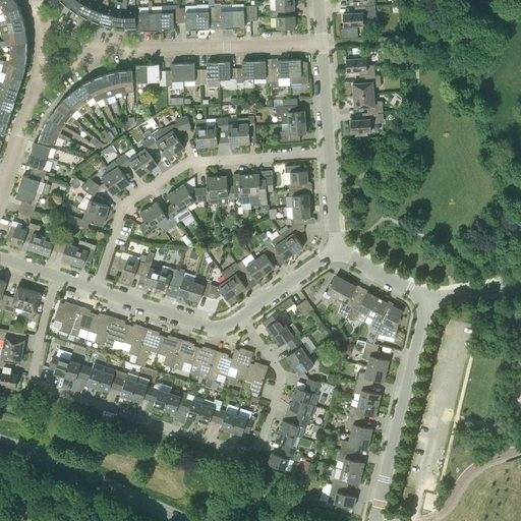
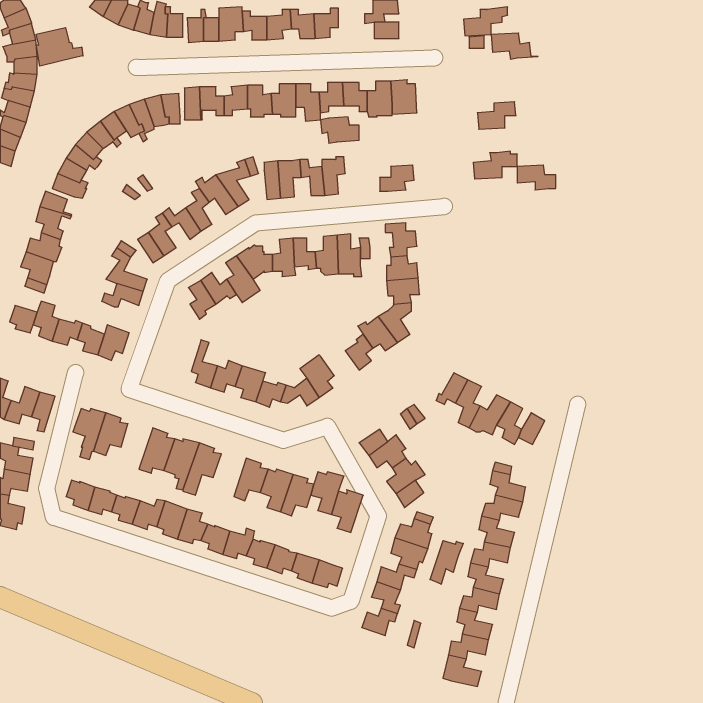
building: none -> [36,28,83,66]
building: [346,58,381,77] -> [491,33,538,59]
building: [354,95,383,113] -> [517,165,556,190]
building: [277,105,305,124] -> [321,117,359,143]
building: [116,253,148,280] -> none
building: [237,253,266,280] -> none
building: [86,313,113,347] -> none
building: [158,336,182,367] -> none
building: none -> [430,541,463,584]

